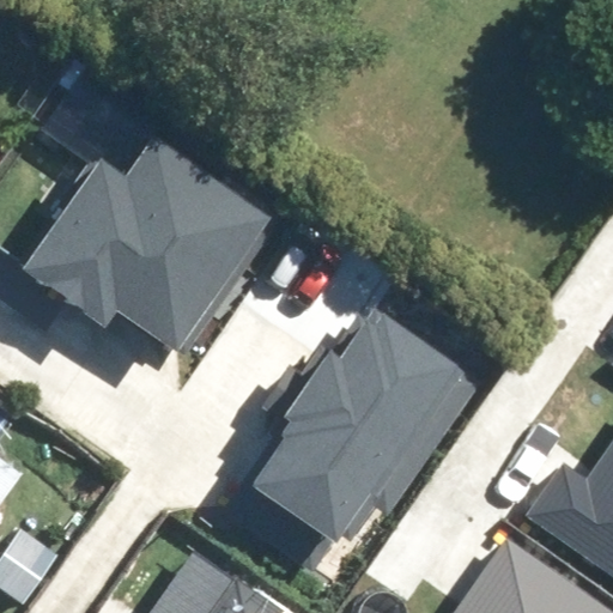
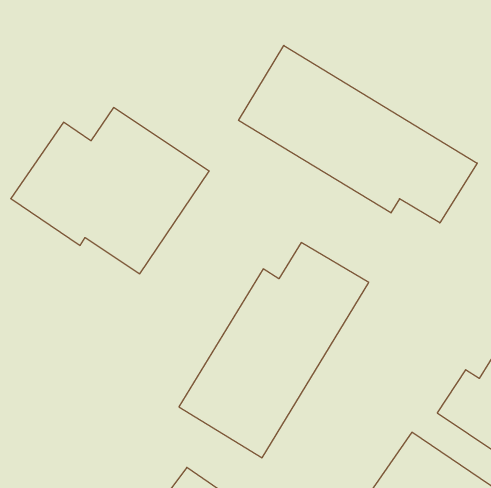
building: none -> [239,45,477,223]

